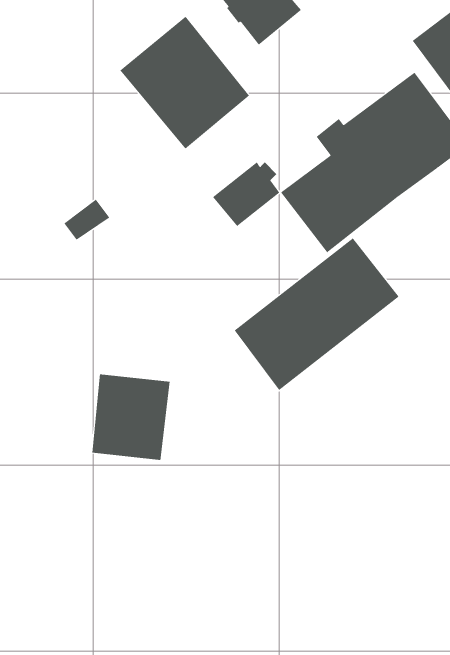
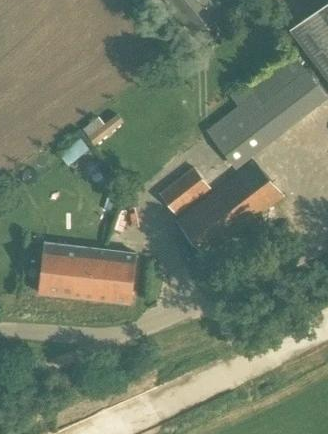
building: [119,16,250,149] -> none
building: [212,162,280,227] -> [165,170,209,212]
building: none -> [39,243,89,299]

